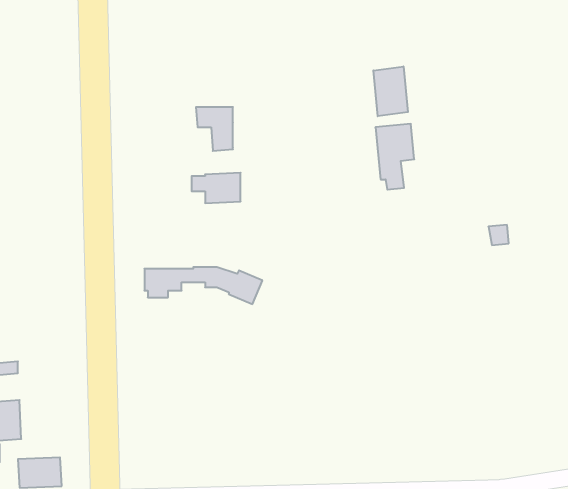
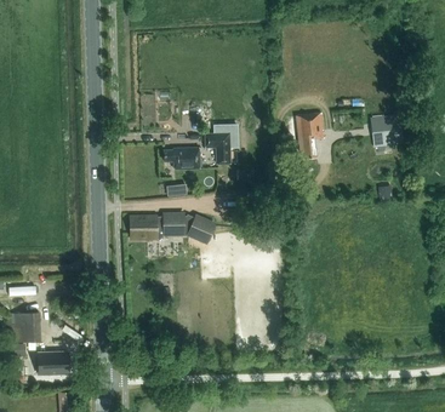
building: [373,66,408,116] -> none
building: [196,107,233,151] -> [204,133,230,165]
building: none -> [371,114,403,150]

